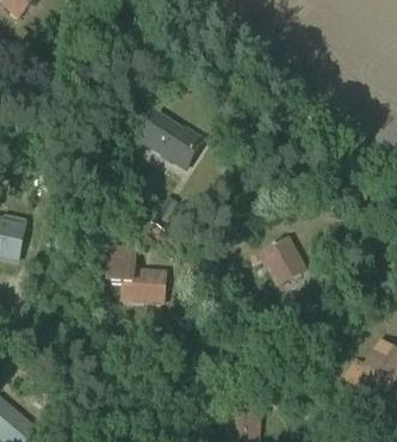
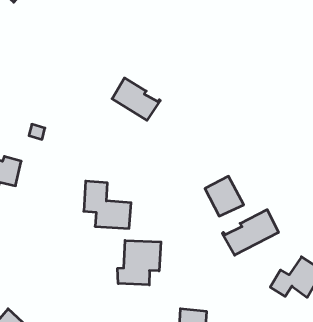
building: none -> [222,210,278,255]
building: none -> [118,240,161,285]

